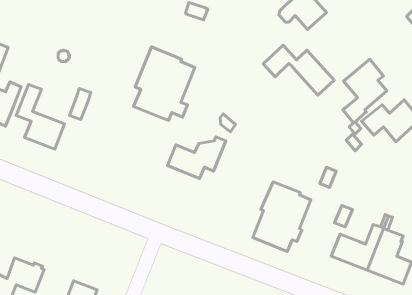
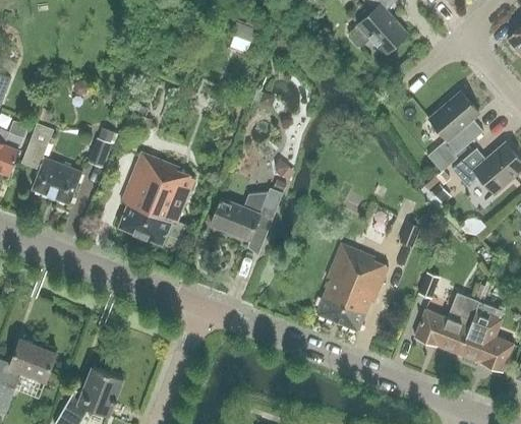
building: [263,45,334,95] -> none
building: [133,47,195,121] -> [118,153,194,244]

